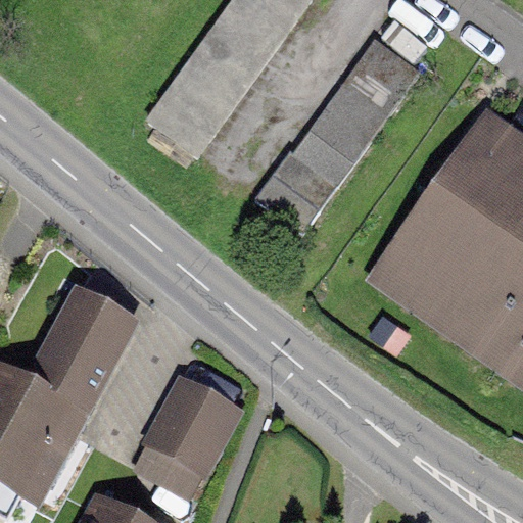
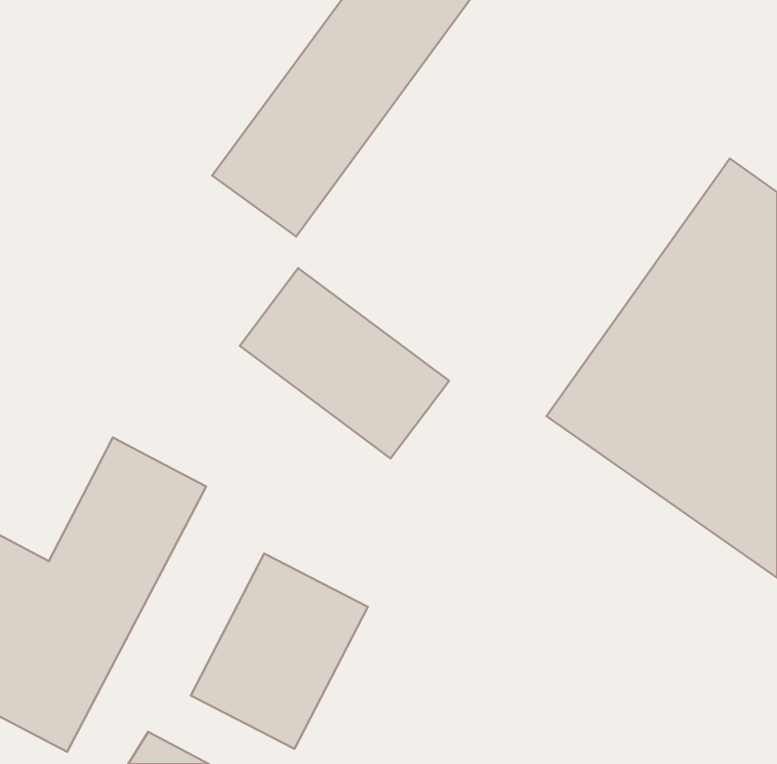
building: [254,38,422,234] -> none
building: none -> [240,268,449,459]

